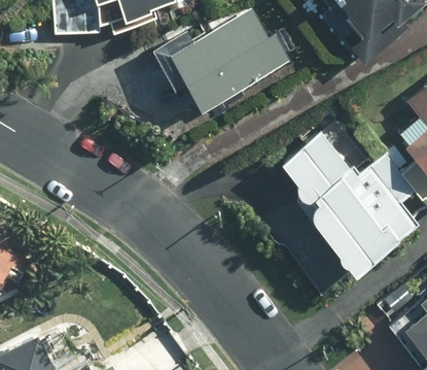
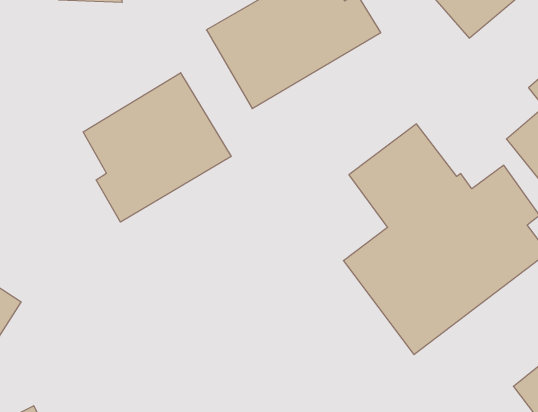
building: none -> [83,73,231,222]

